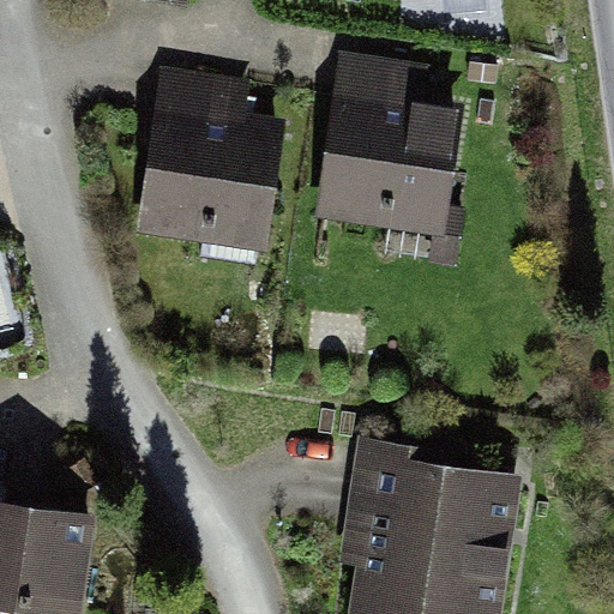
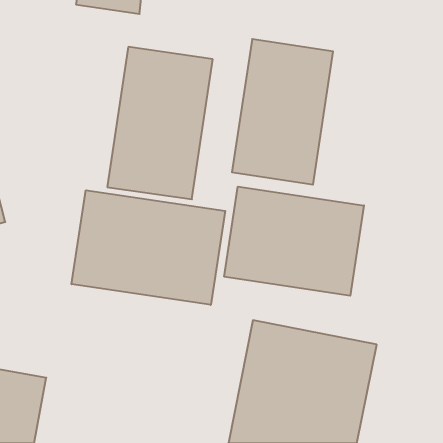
building: none -> [224,187,364,296]
building: none -> [72,190,225,305]

